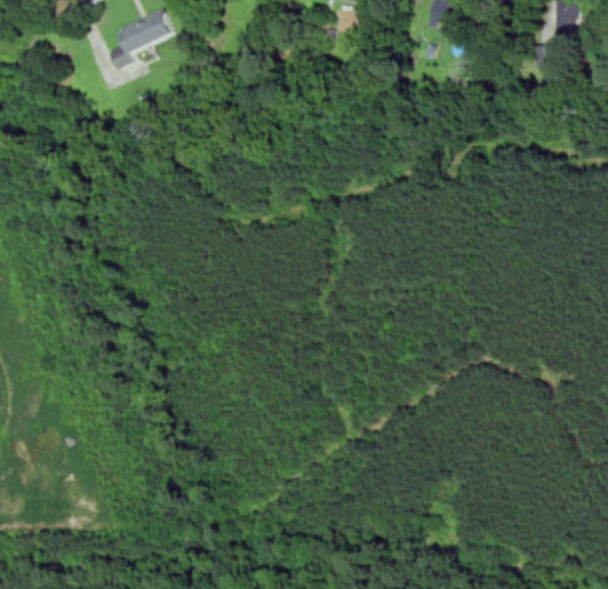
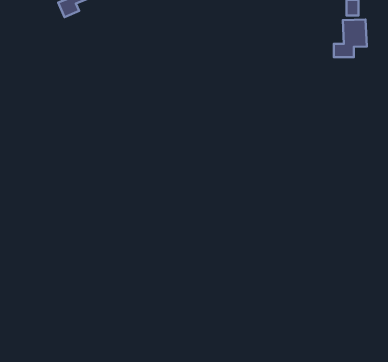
building: none -> [334,19,367,57]

